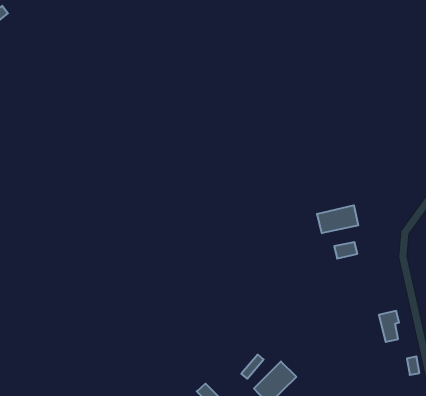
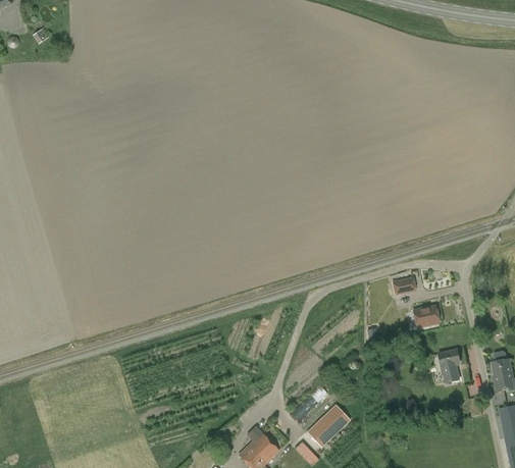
building: [317,205,358,233] -> none
building: none -> [412,307,437,327]

